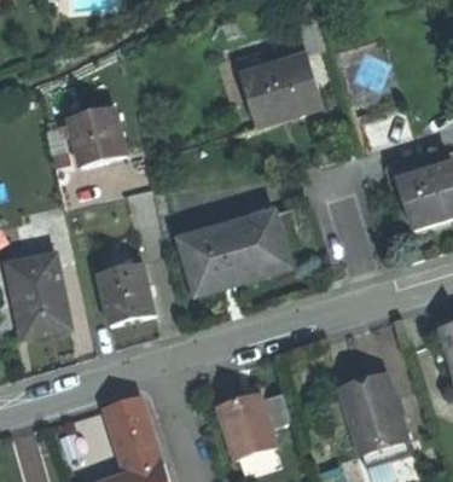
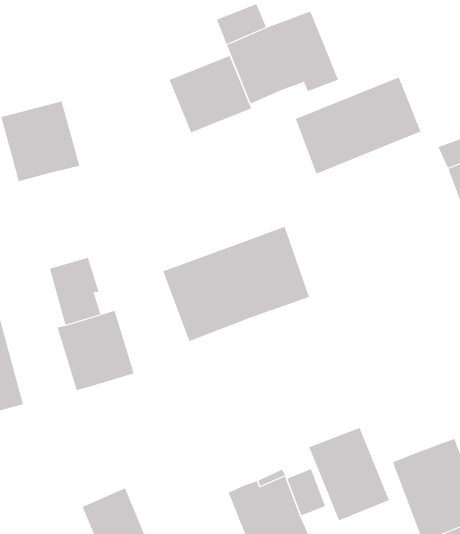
building: none -> [169,55,252,133]
building: none -> [295,77,421,175]
building: none -> [308,427,389,521]

